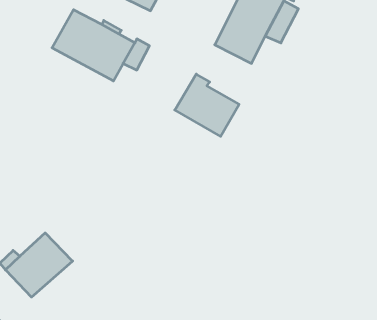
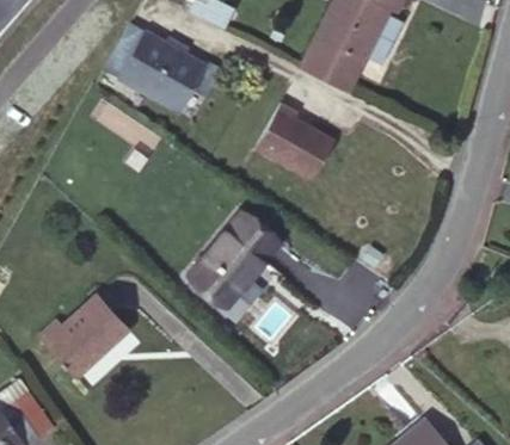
building: none -> [191,214,278,304]

